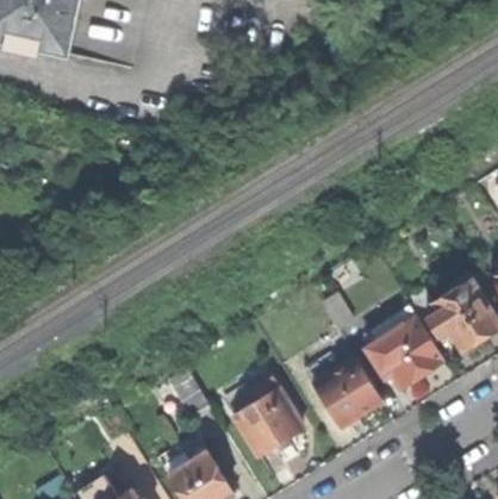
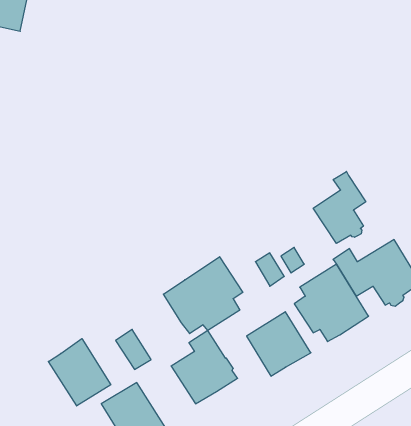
building: none -> [313,171,366,243]
building: none -> [163,257,243,334]
building: none -> [48,339,111,406]

